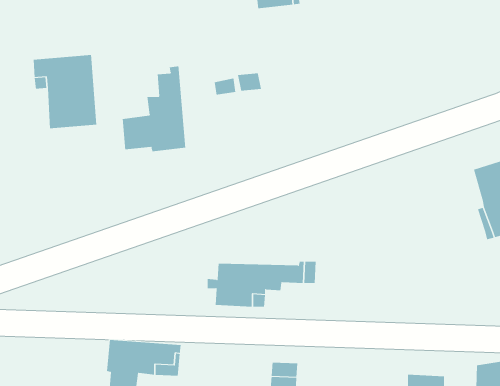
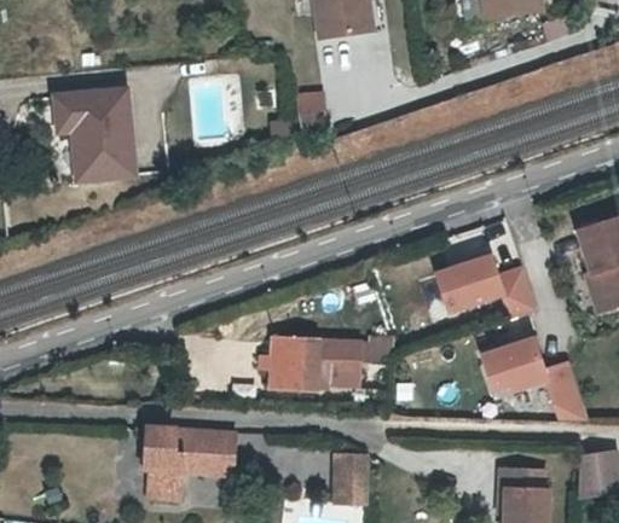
building: [122,66,186,152] -> none
building: none -> [427,250,531,315]
building: none -> [473,336,584,417]

